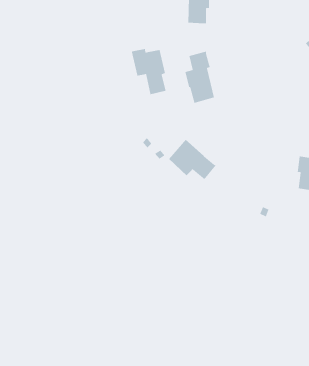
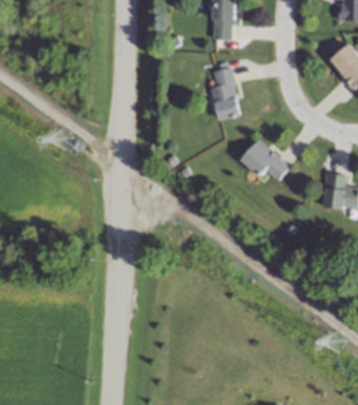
building: [131,48,166,95] -> none
building: [168,139,217,180] -> [242,138,292,180]

